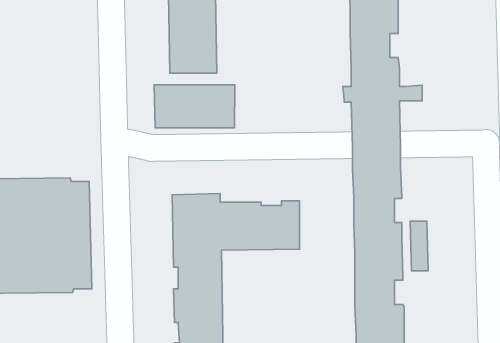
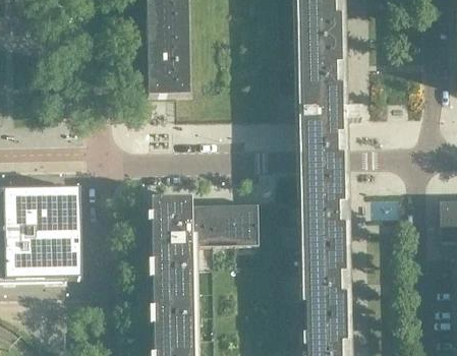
building: [154,85,235,128] -> none

